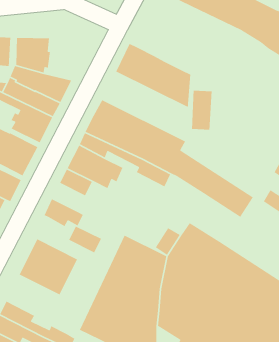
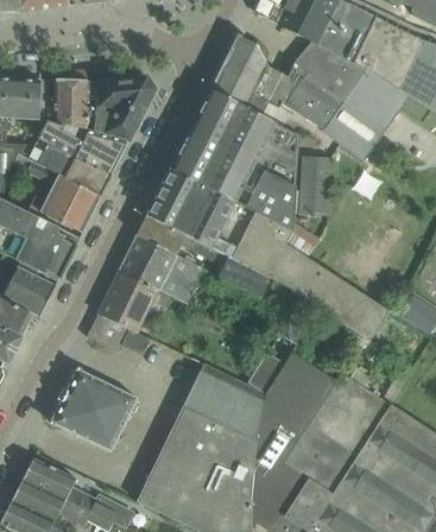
building: none -> [210,37,410,162]
building: none -> [88,77,154,142]
building: none -> [171,131,296,230]
building: [68,225,102,253] -> [99,291,147,331]

